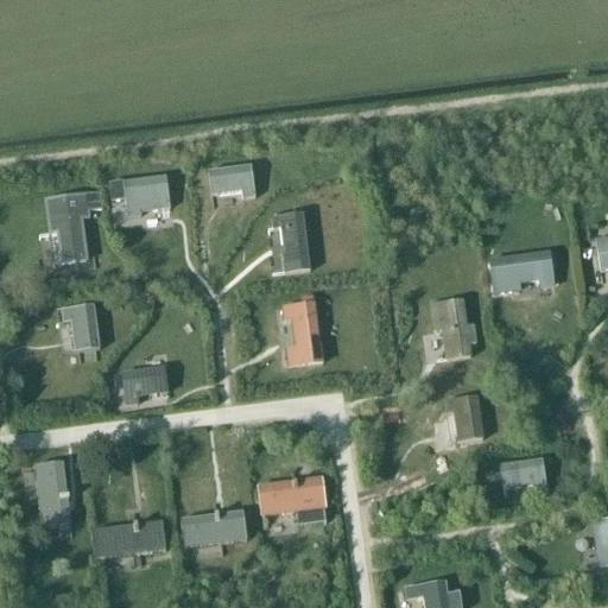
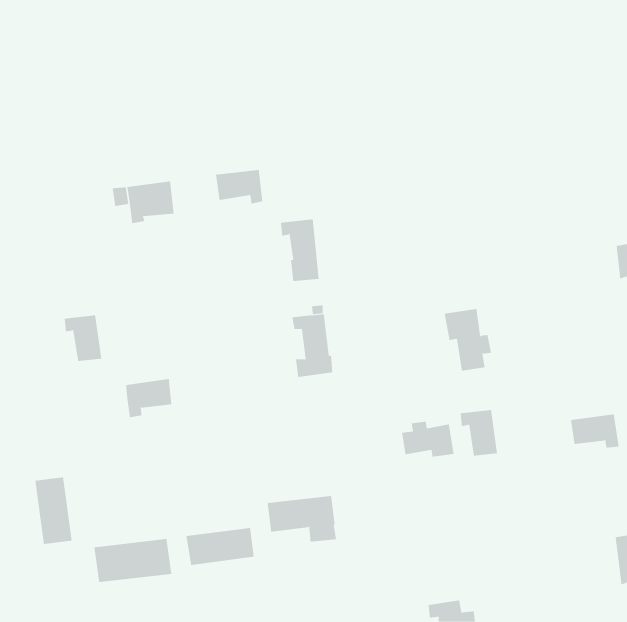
building: [49,191,104,260] -> none
building: [489,252,553,292] -> none
building: none -> [401,421,454,457]
building: [500,457,547,490] -> [570,414,619,448]

